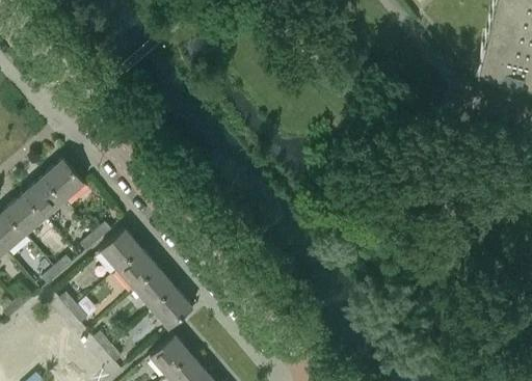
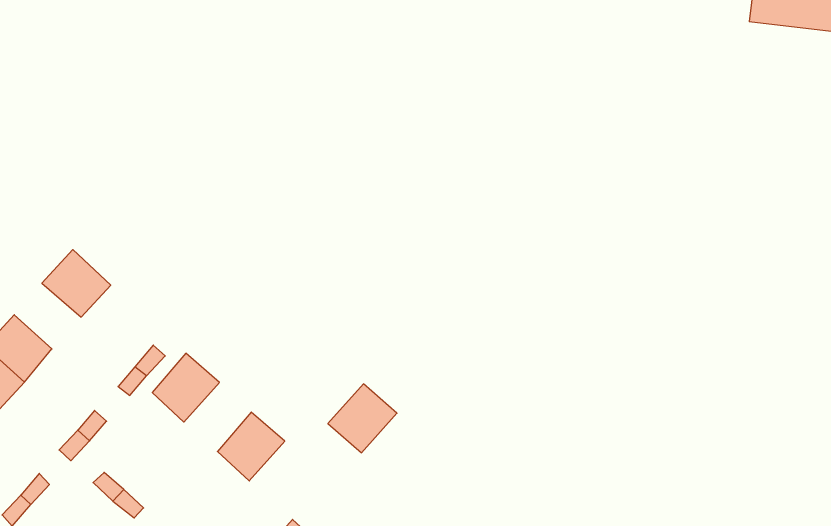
building: [25,178,64,217] -> none
building: [117,249,158,290] -> none
building: [152,289,193,329] -> [328,384,397,453]

